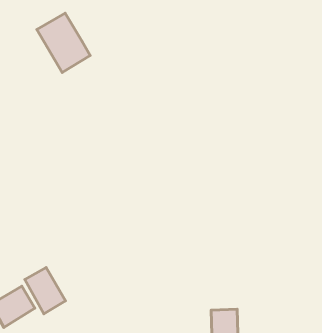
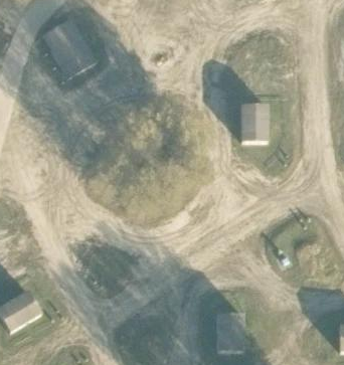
building: none -> [240,104,267,141]
building: [25,267,65,314] -> none

